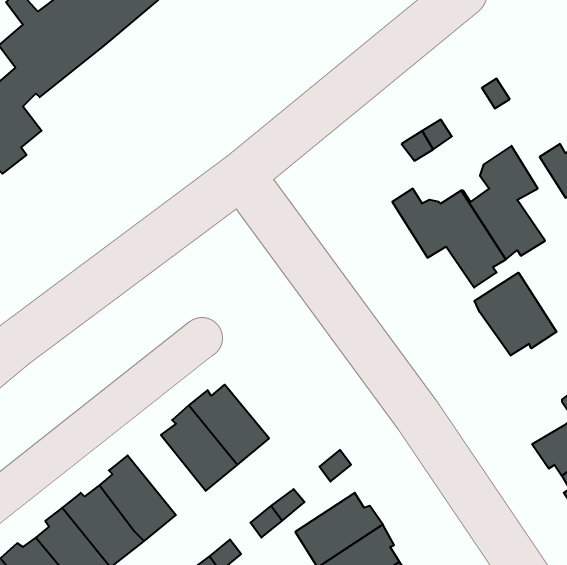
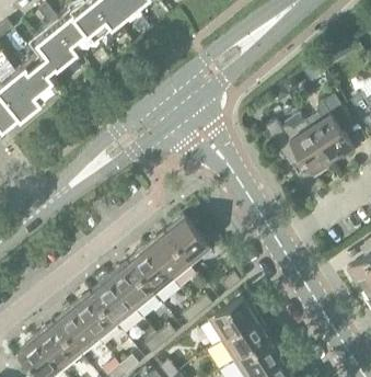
building: [474,273,557,356] -> none
building: none -> [165,216,211,266]
building: none -> [108,264,154,311]

